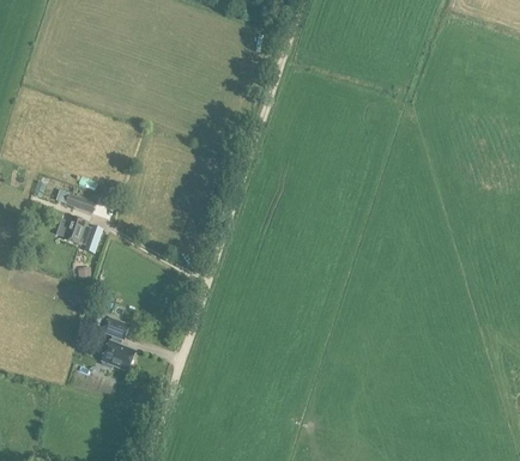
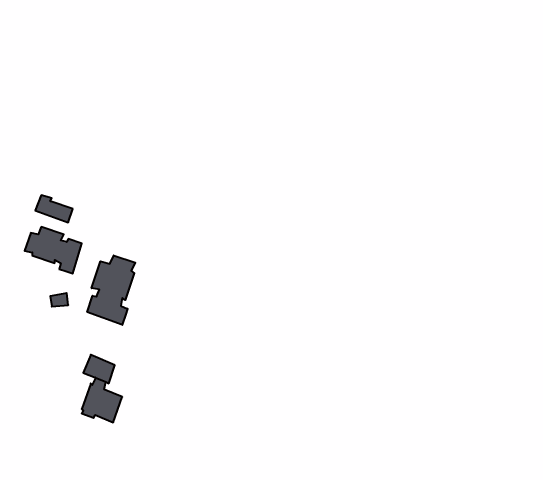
building: none -> [87,255,135,325]

